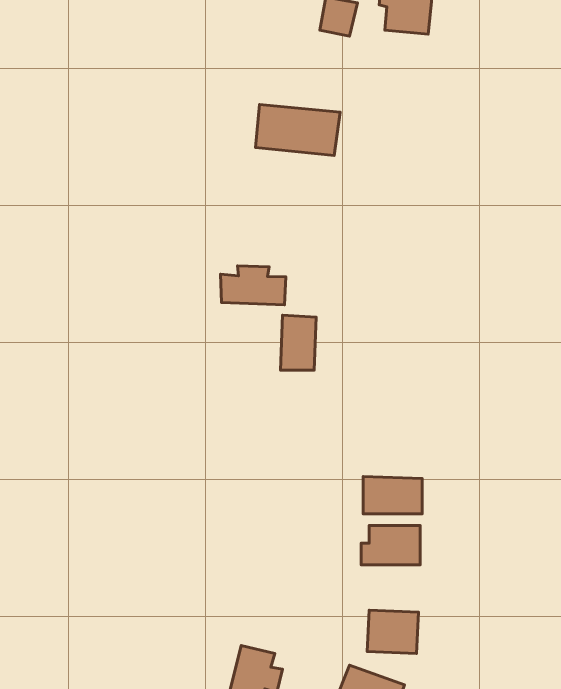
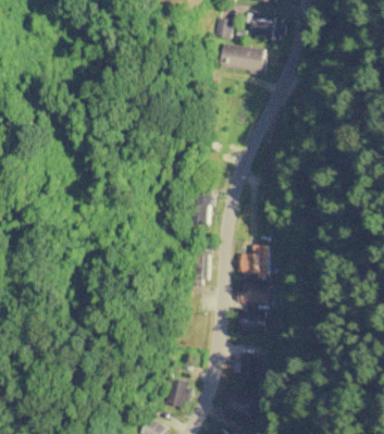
building: [255,104,340,155] -> [221,45,268,73]
building: [221,266,286,305] -> none
building: none -> [238,245,270,277]

